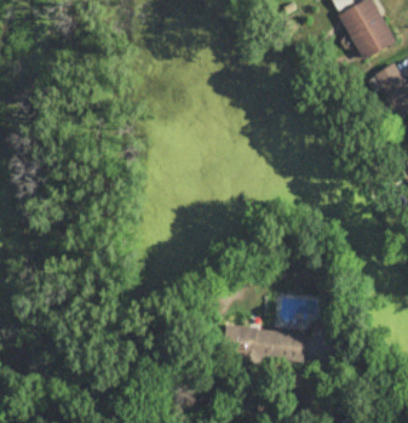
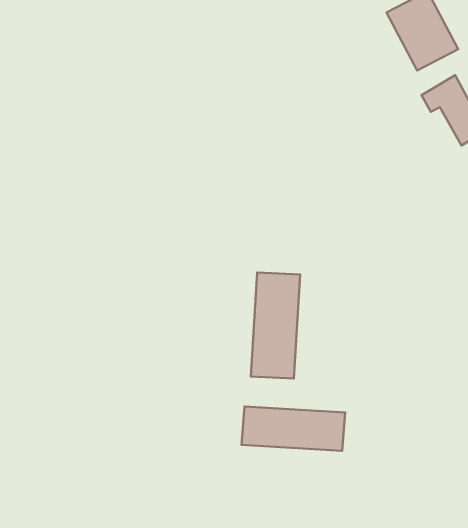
building: none -> [251,273,300,378]

